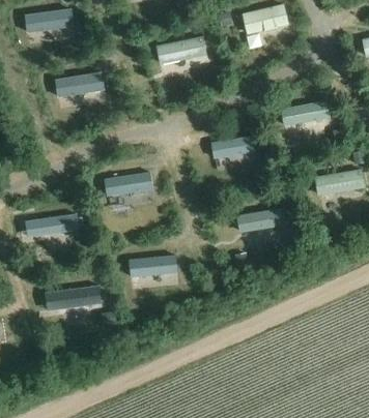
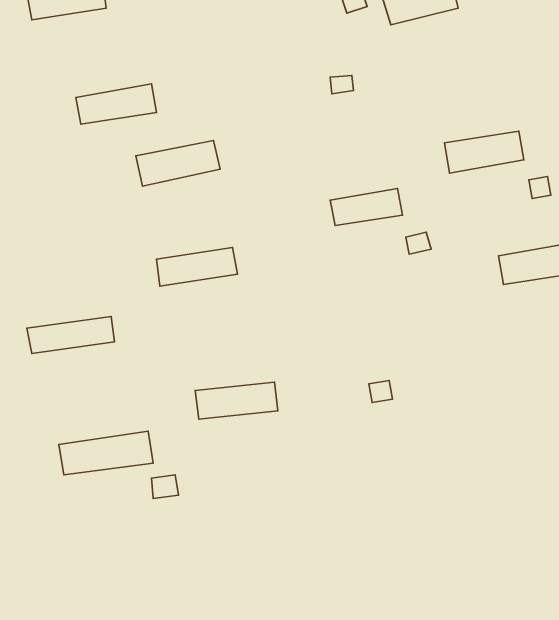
building: [155,36,207,64] -> [136,141,220,186]
building: [236,208,288,233] -> none

